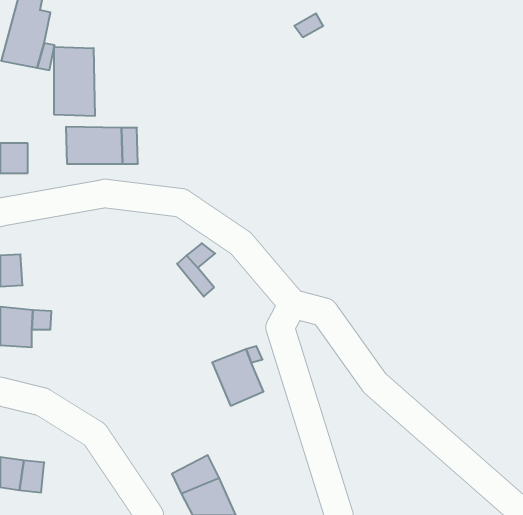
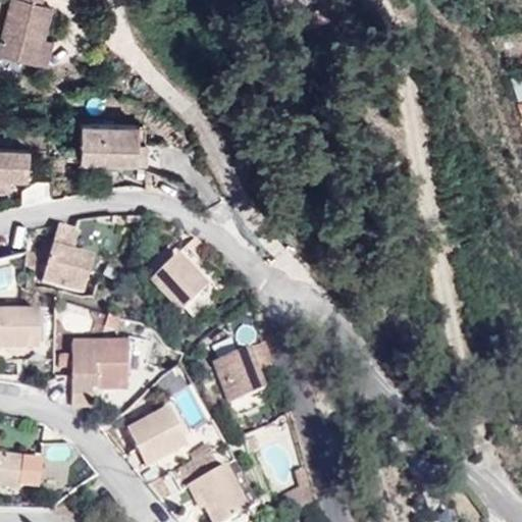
building: [54,47,95,116] -> none
building: none -> [42,234,89,292]
building: none -> [153,261,205,314]
building: none -> [64,335,119,401]
building: none -> [125,407,188,463]

